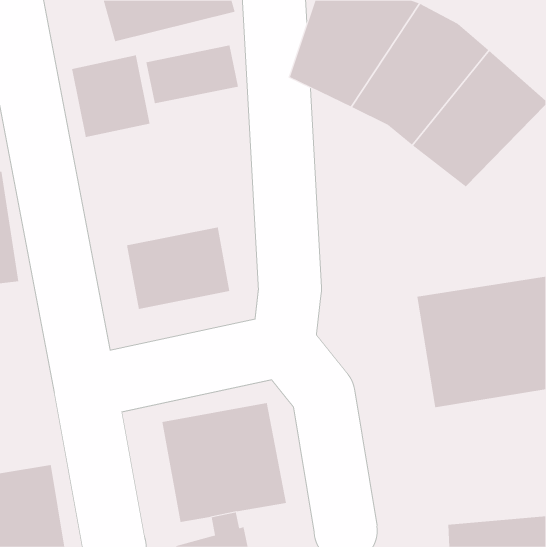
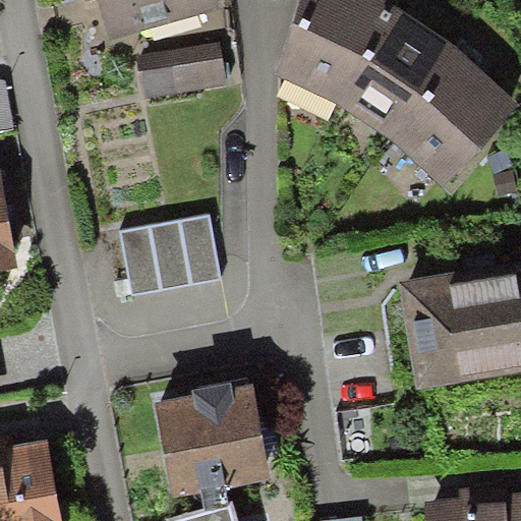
building: [71,55,150,138] -> none

